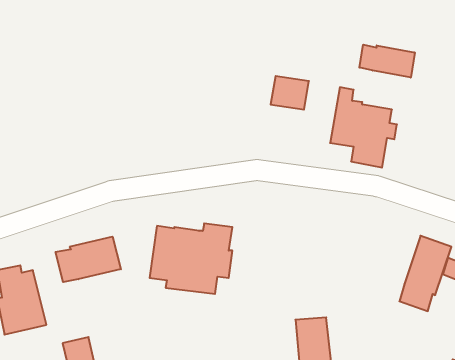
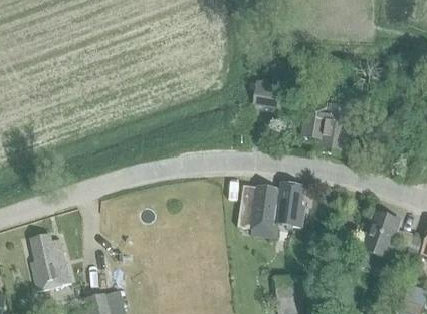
building: [359,45,415,78] -> none
building: [150,223,232,294] -> [237,182,304,239]
building: [56,237,121,282] -> none

